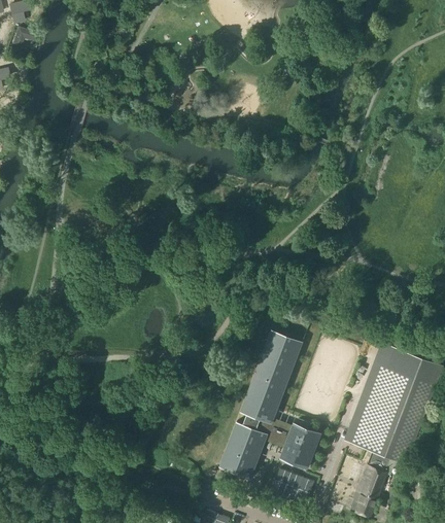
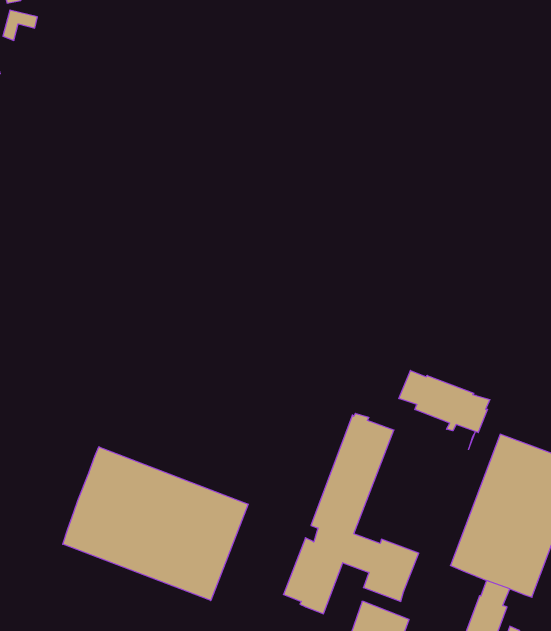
building: none -> [399,370,490,433]
building: none -> [63,447,248,601]

